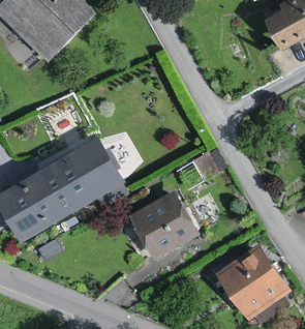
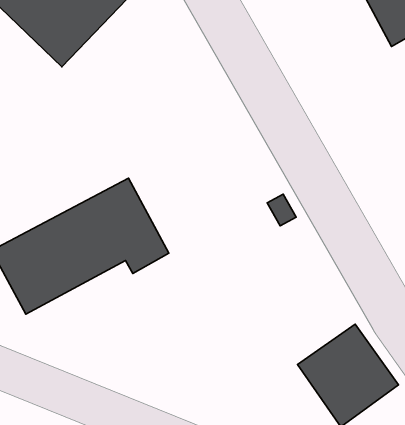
building: [132,192,196,257] -> none

